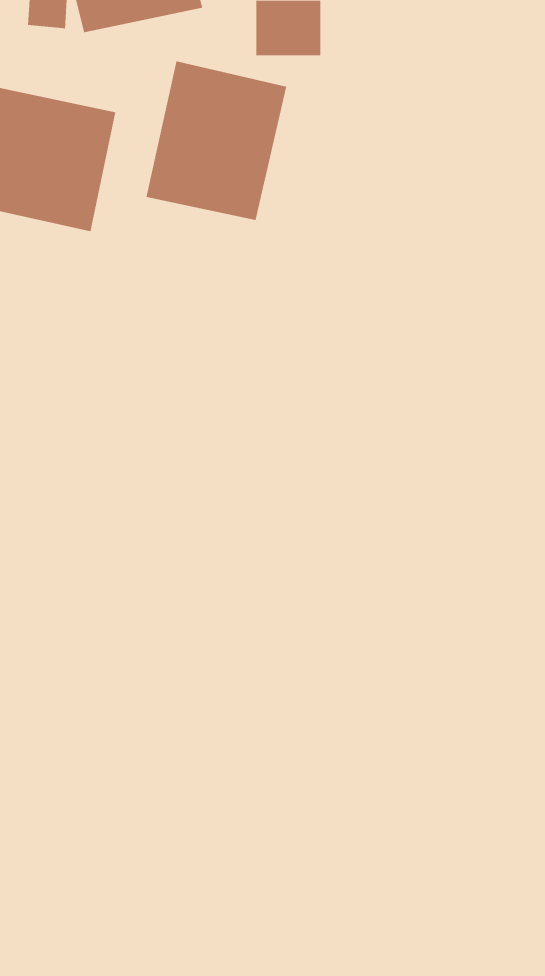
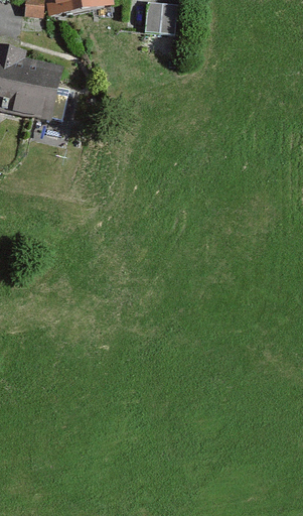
building: [146,60,287,221] -> none

